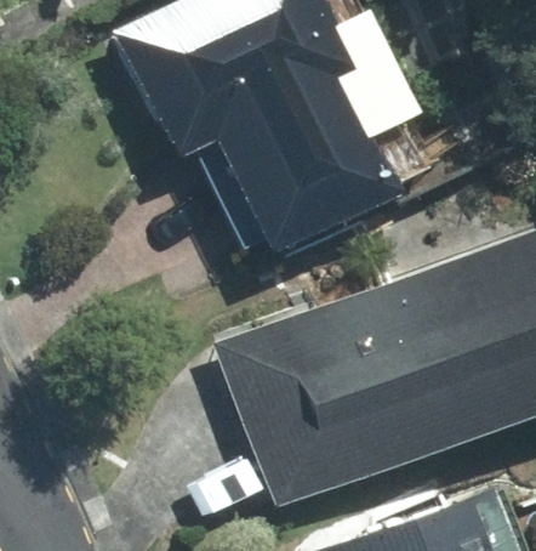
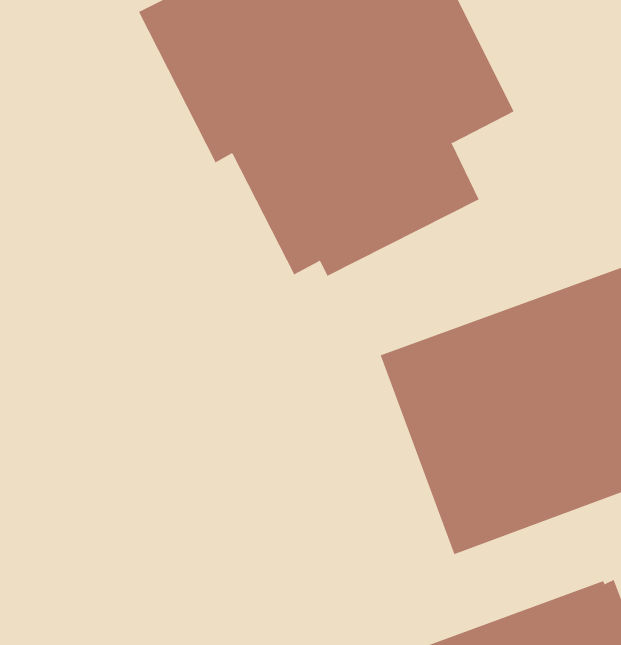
building: [216,309,374,506] -> none

